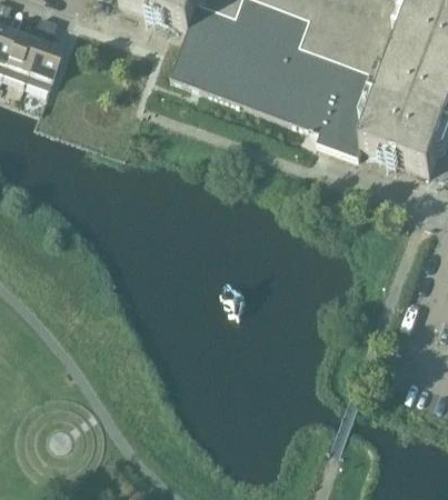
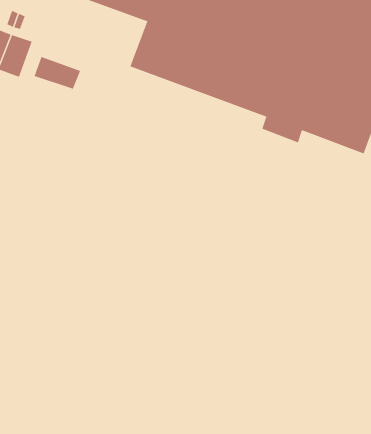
building: none -> [34,56,81,89]

